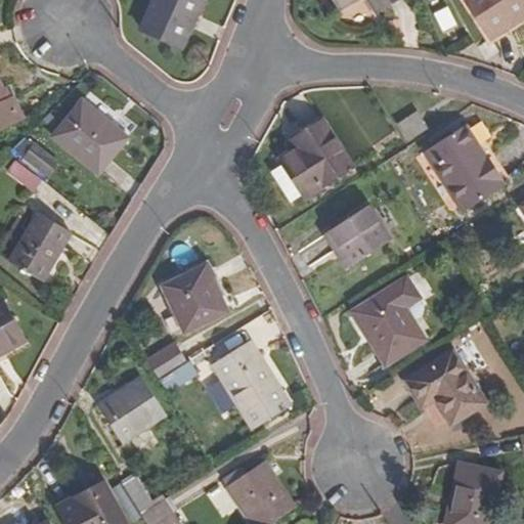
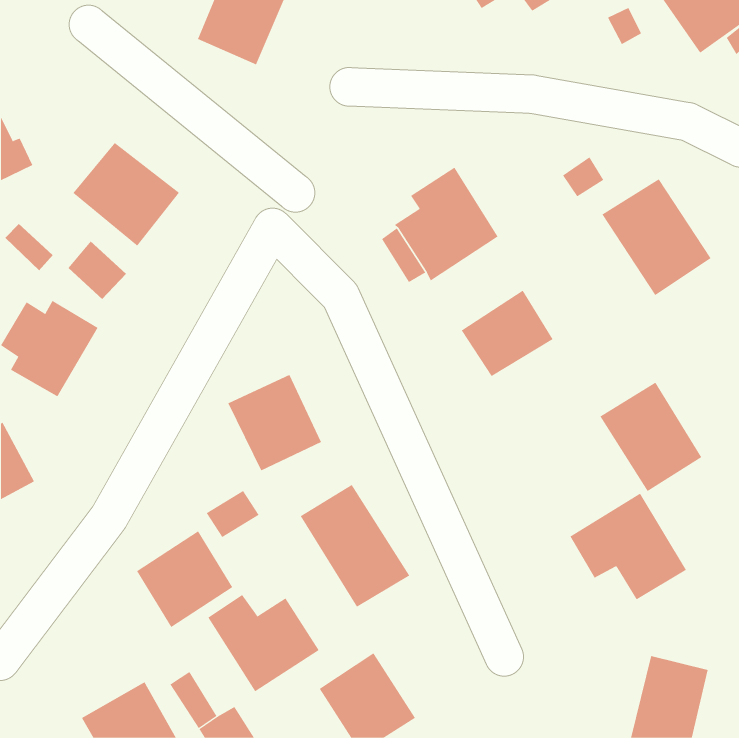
building: [17,138,59,180] -> [67,240,127,300]
building: [352,287,425,364] -> [599,382,702,492]
building: none -> [208,594,320,692]

